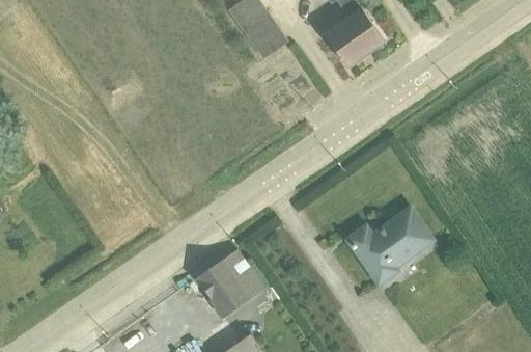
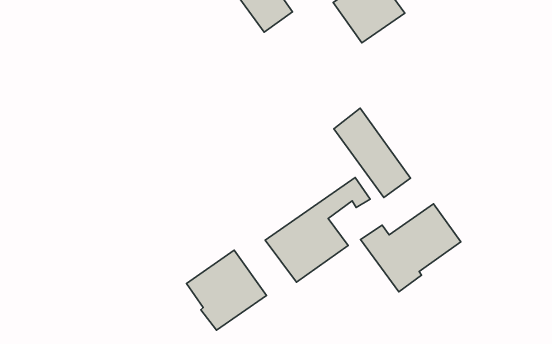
building: none -> [334,108,410,197]
building: none -> [265,177,370,282]

